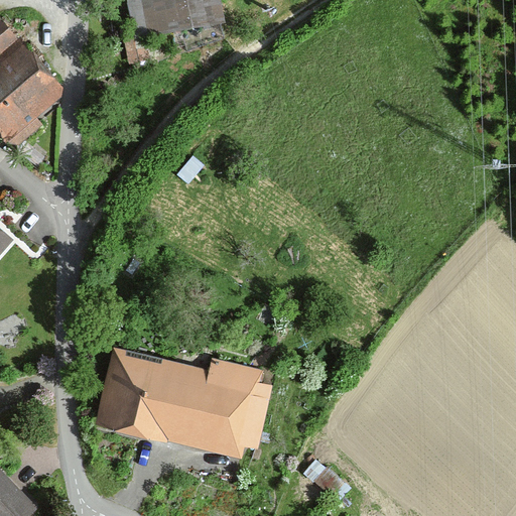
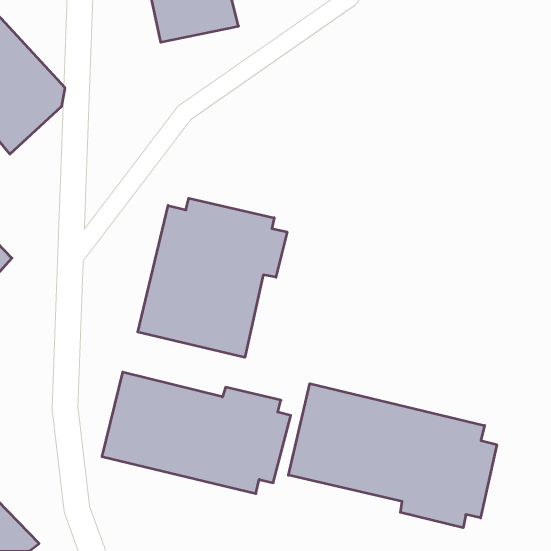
building: none -> [138,198,287,357]
building: none -> [288,384,497,528]

